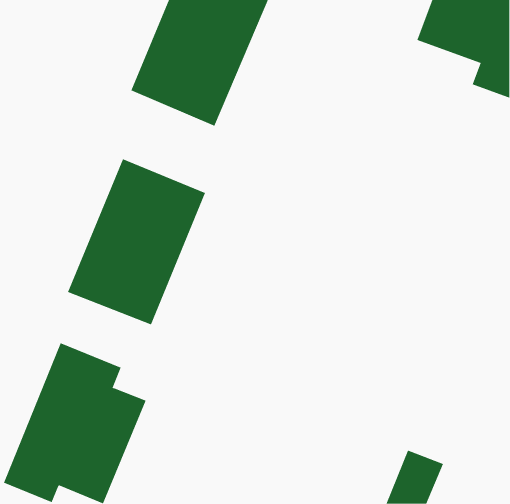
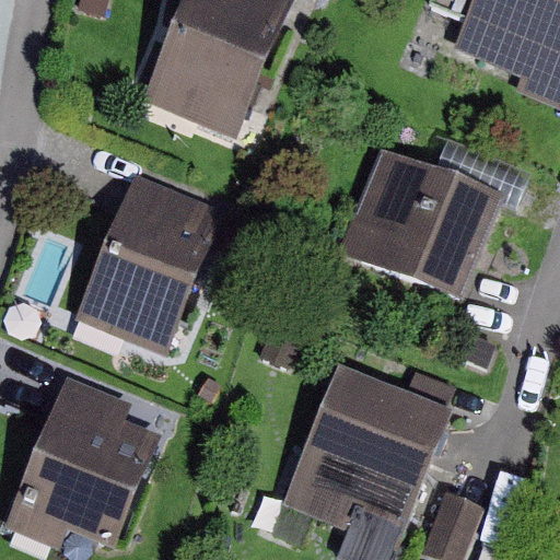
building: none -> [337,148,503,301]
building: none -> [280,365,453,529]

